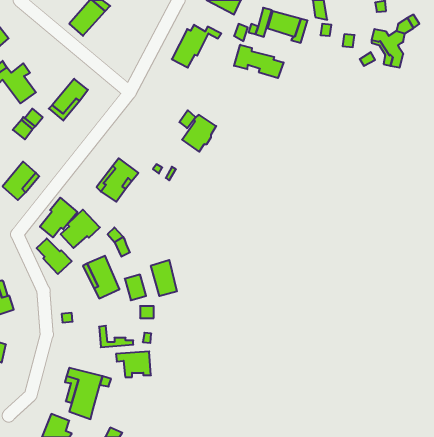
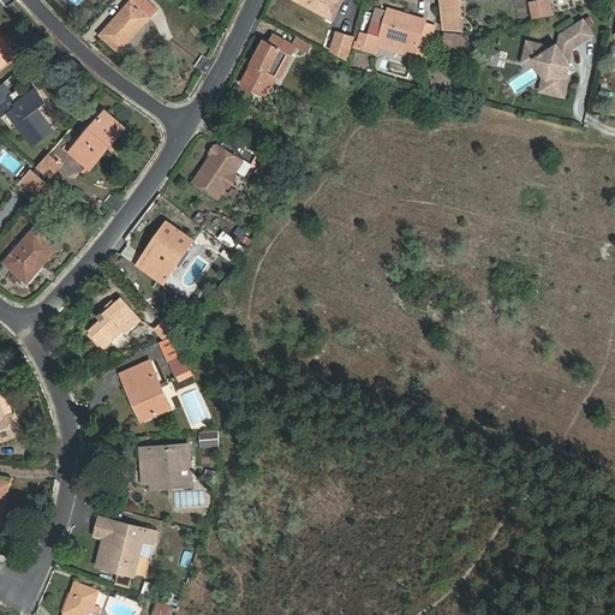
building: [234,45,284,78] -> none
building: [182,115,216,152] -> [196,145,244,197]
building: [40,198,77,237] -> none
building: [37,238,72,274] -> none
building: [151,260,177,296] -> none
building: [116,351,151,377] -> [138,444,187,480]

